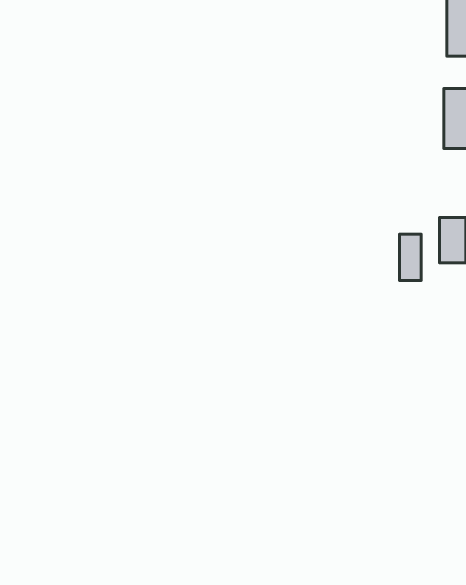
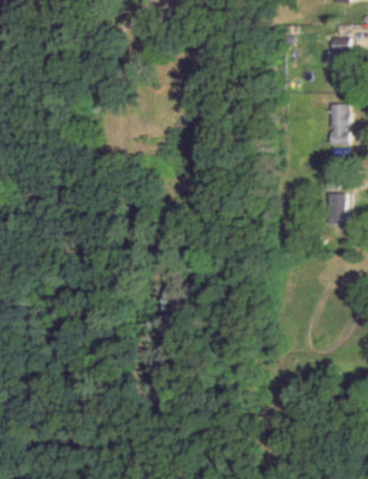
building: [400,234,421,280] -> none

